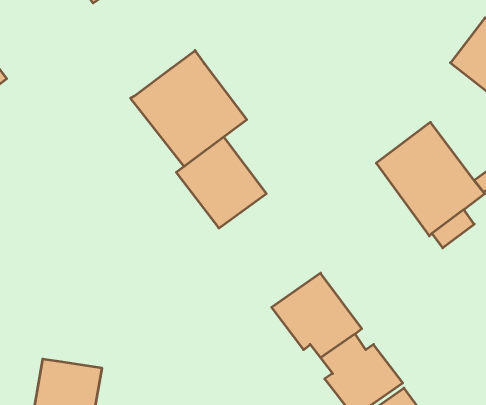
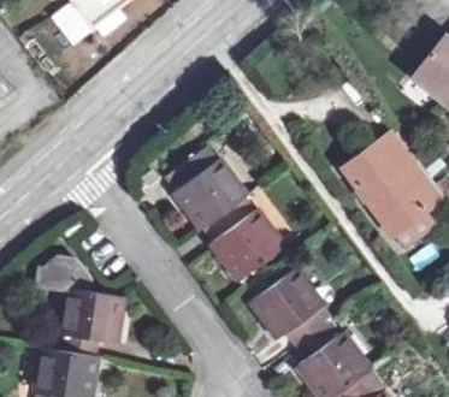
building: [131,50,247,166] -> none
building: none -> [201,196,283,278]
building: none -> [37,253,119,355]

